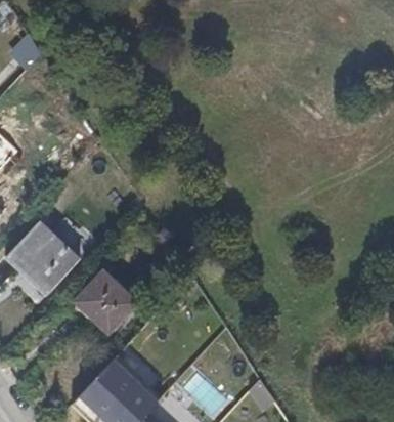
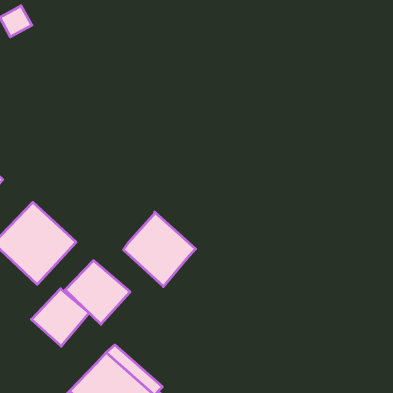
building: none -> [124,212,196,287]
building: none -> [31,289,89,346]

